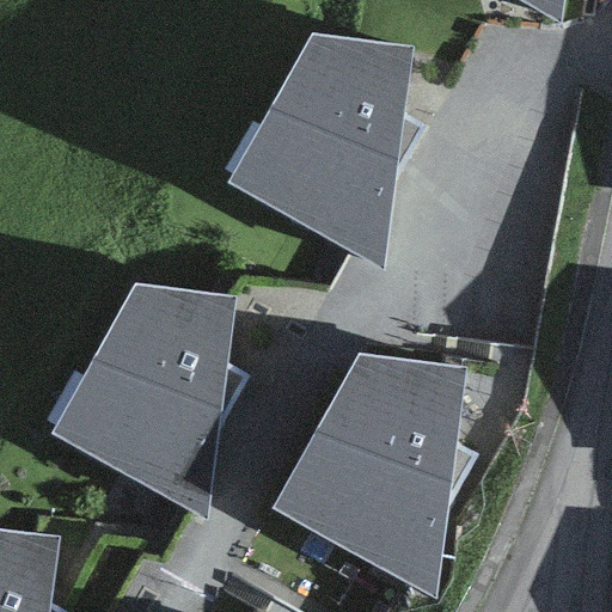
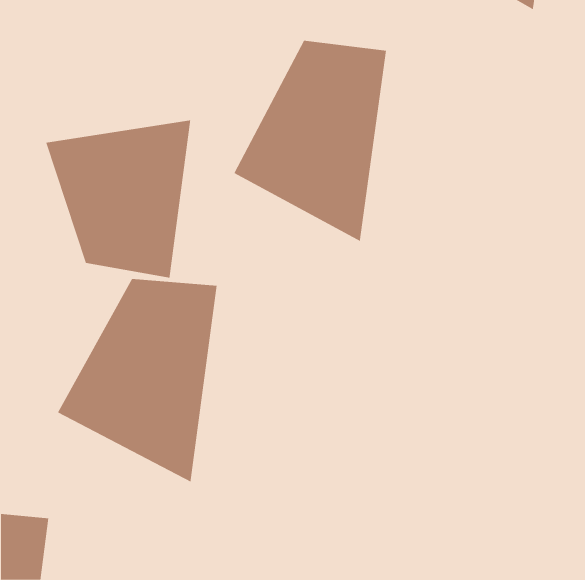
building: none -> [46,120,191,279]
building: [282,361,459,581] -> none

